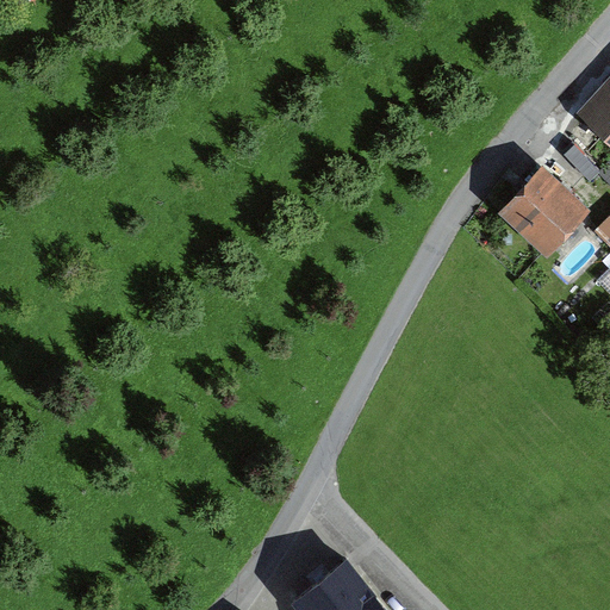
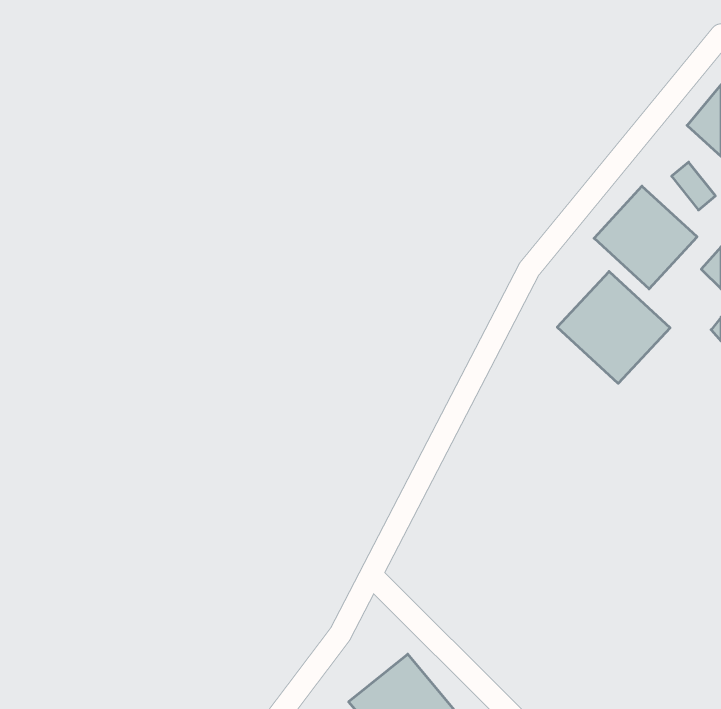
building: none -> [557,271,670,383]

